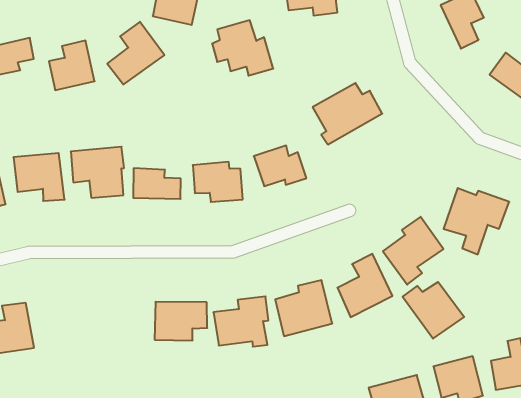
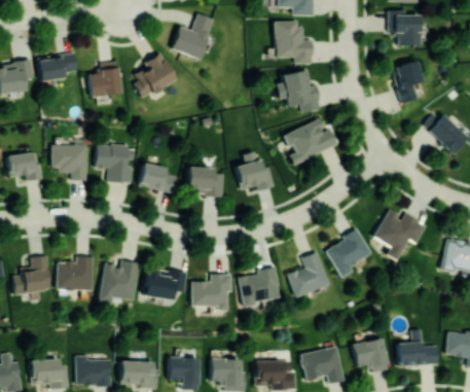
building: [212,20,273,76] -> [277,70,321,112]
building: [403,282,464,339] -> none
building: none -> [100,258,139,301]
building: none -> [57,256,94,290]

